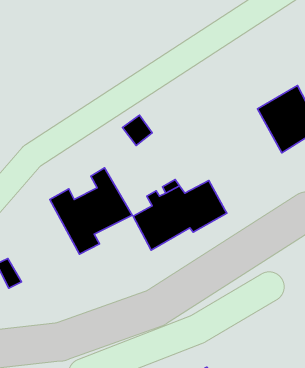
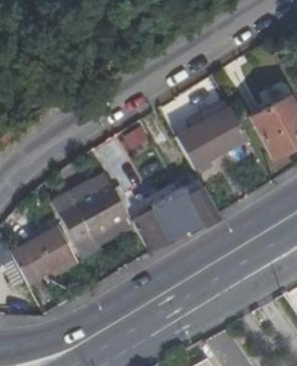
building: none -> [175,102,247,166]
building: none -> [12,229,69,281]

